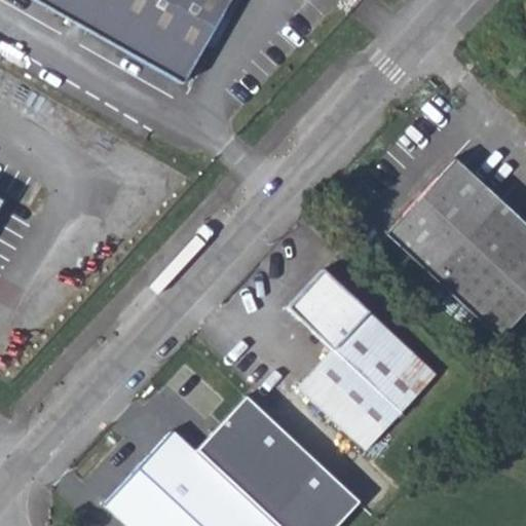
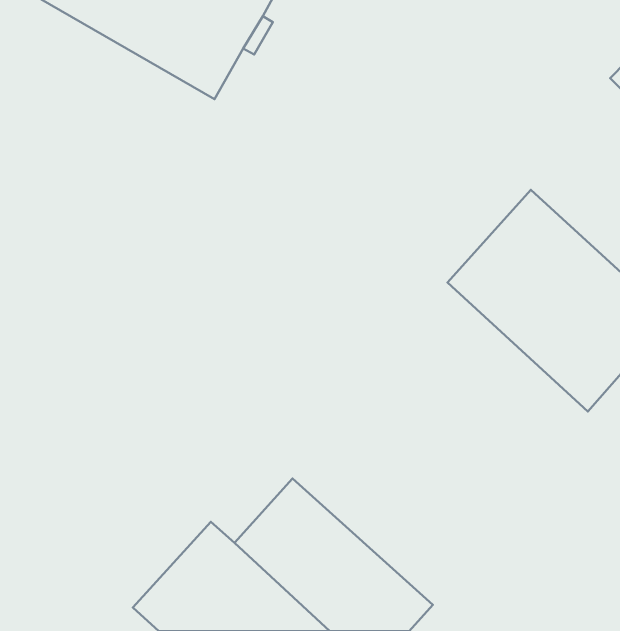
building: [289,271,436,450] -> none

